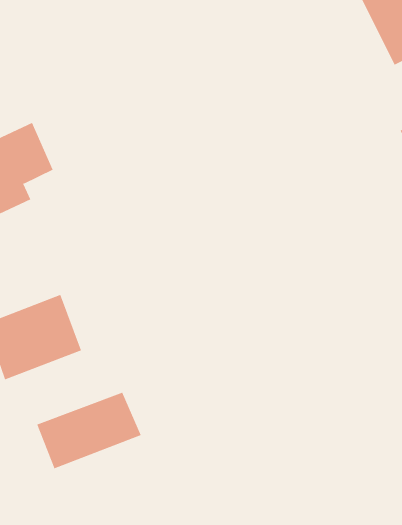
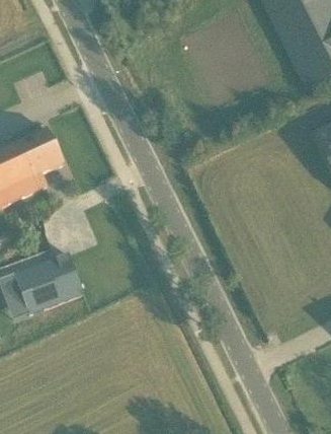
building: [36,392,141,469] -> none

